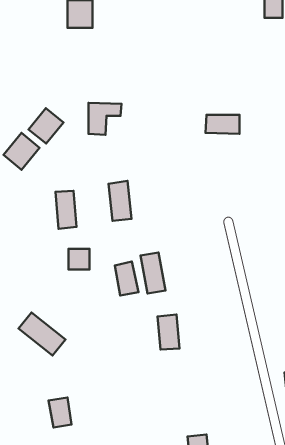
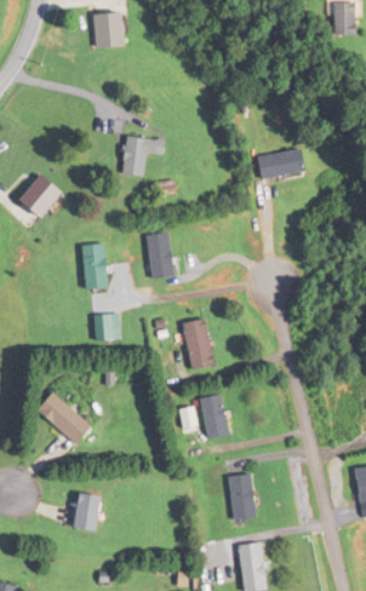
building: [28,108,63,144] -> none
building: [115,261,138,295] -> none
building: none -> [233,472,257,517]

